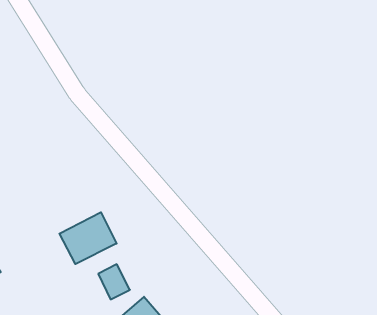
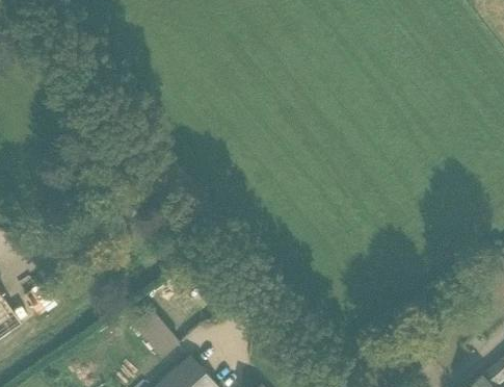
building: [59,212,117,264] -> none

